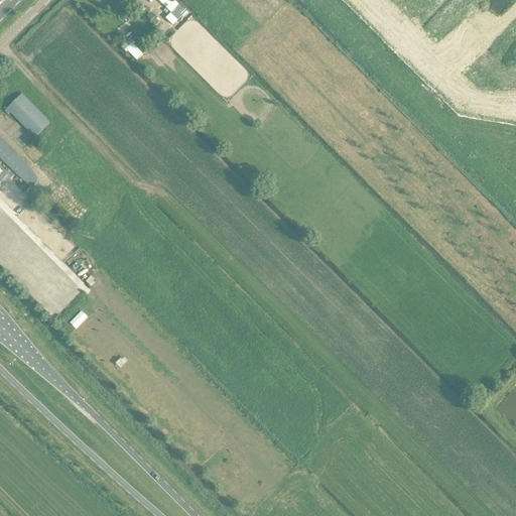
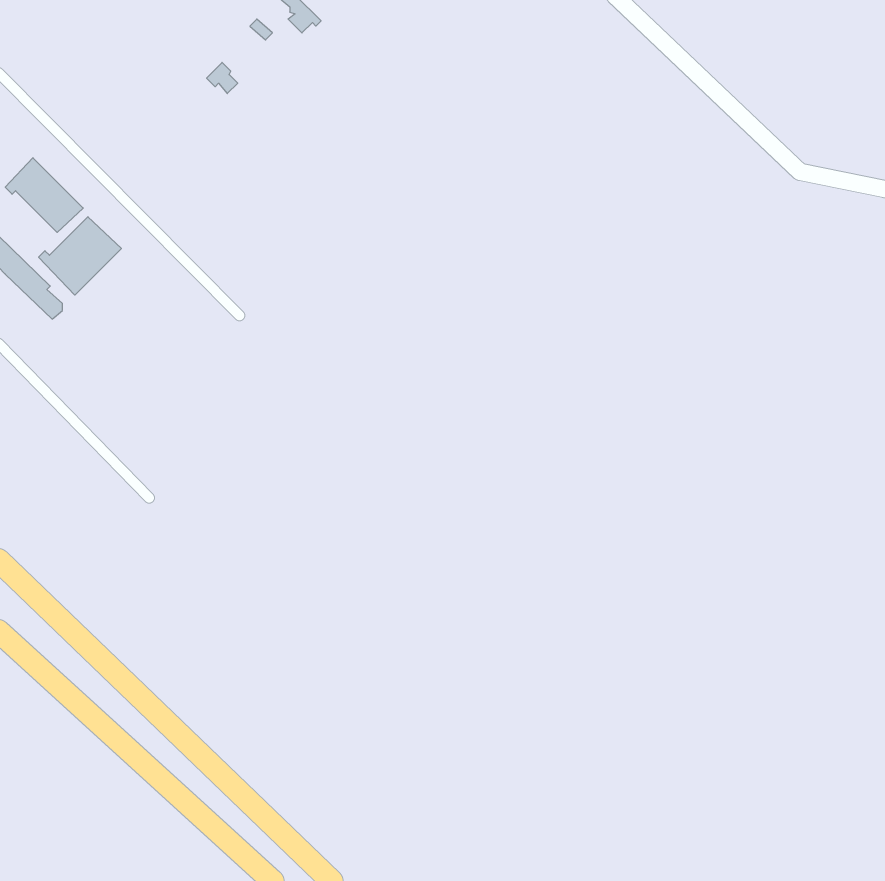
building: none -> [39,217,121,295]

